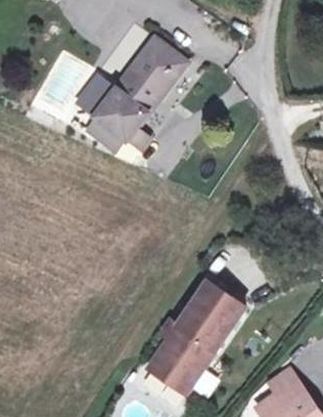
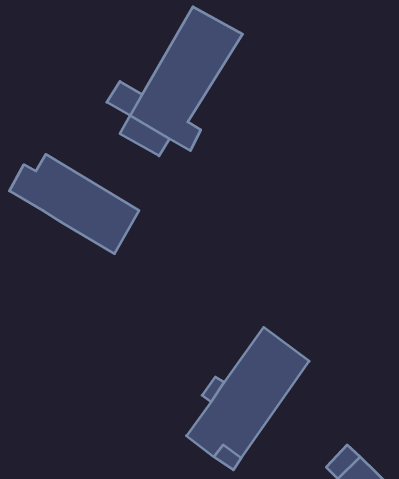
building: none -> [9,154,139,254]

